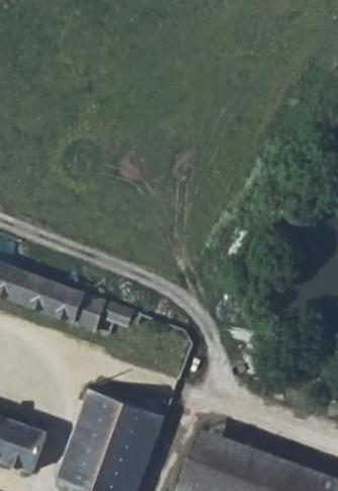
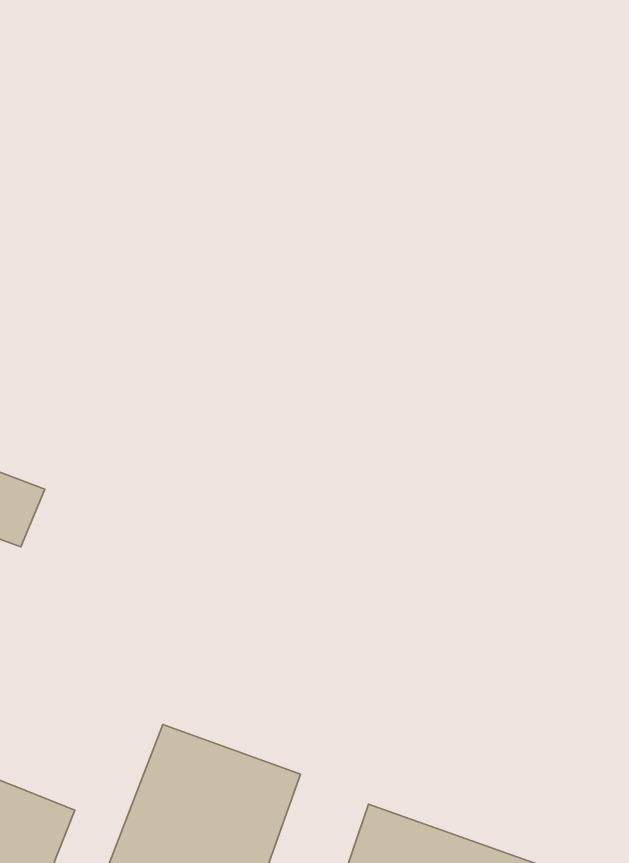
building: [20,273,139,335] -> none

